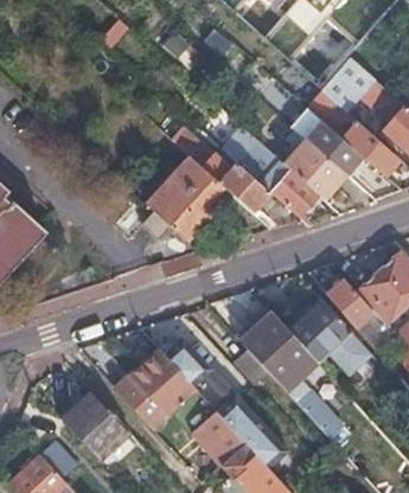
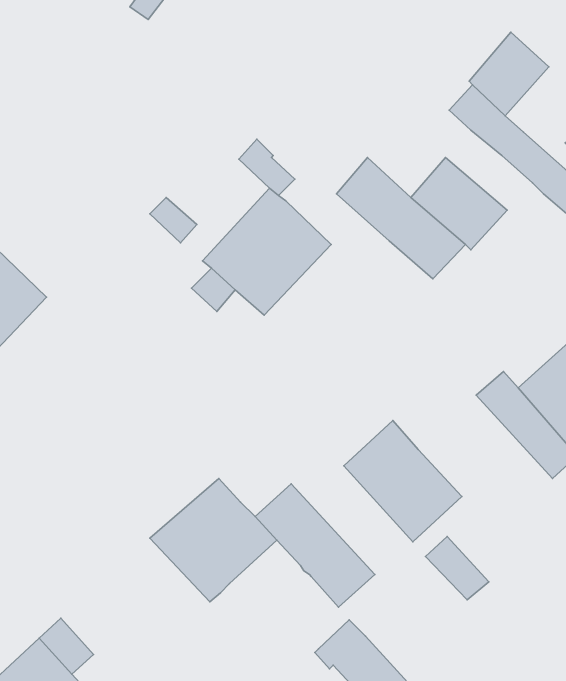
building: [292,108,370,175] -> none
building: [202,149,269,215] -> none
building: [288,297,369,367] -> none
building: [59,388,127,456] -> none
building: [190,409,243,460] -> none

